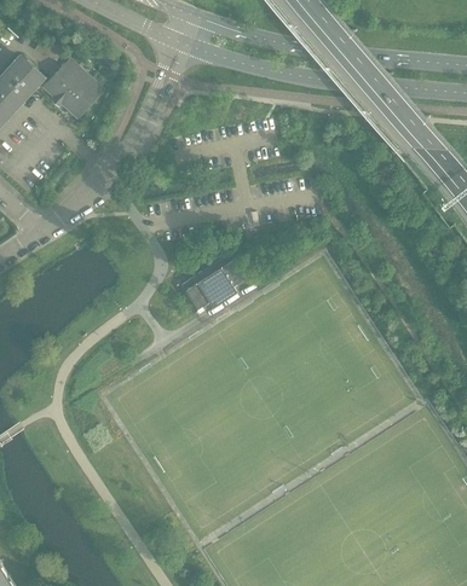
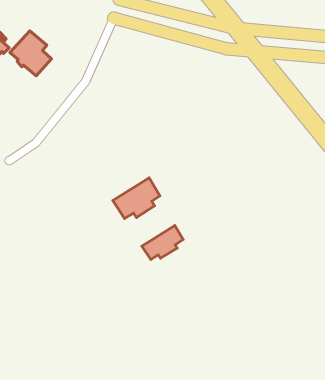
building: none -> [142,226,183,259]

